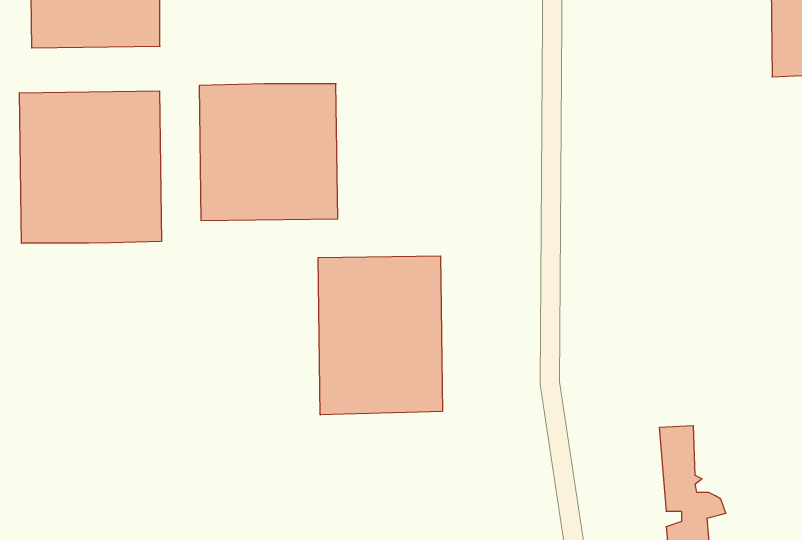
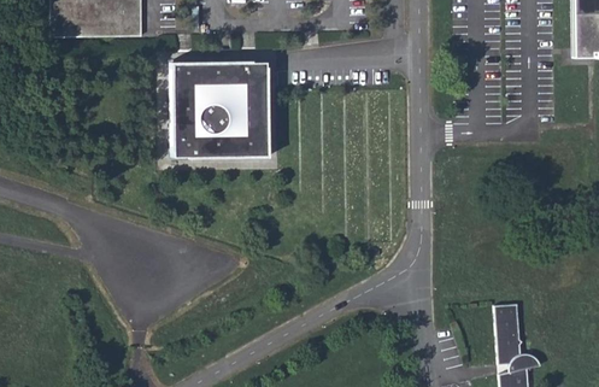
building: [20,91,161,243] -> none
building: [318,256,442,415] -> none

